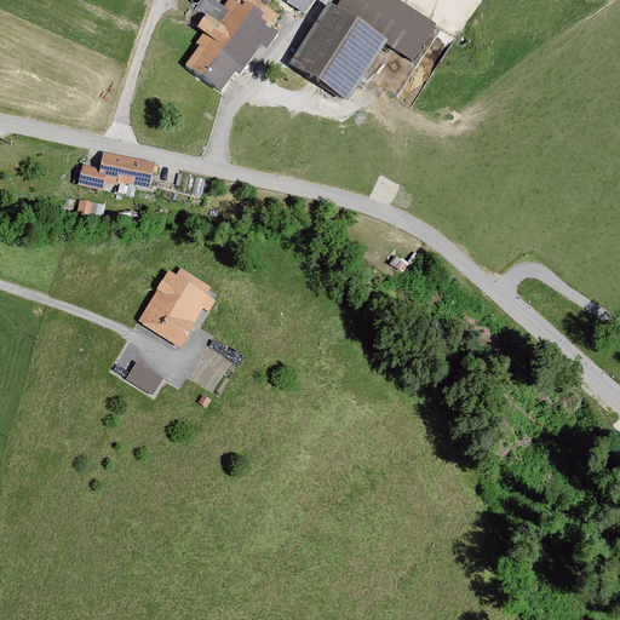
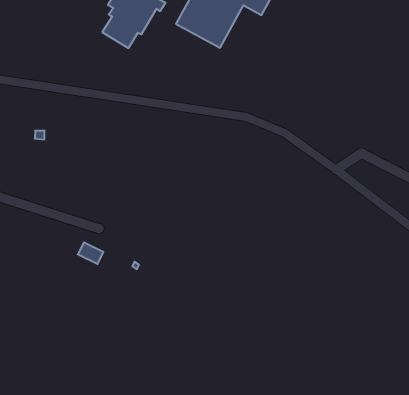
building: [78,150,154,189] -> none
building: [138,265,216,344] -> none

